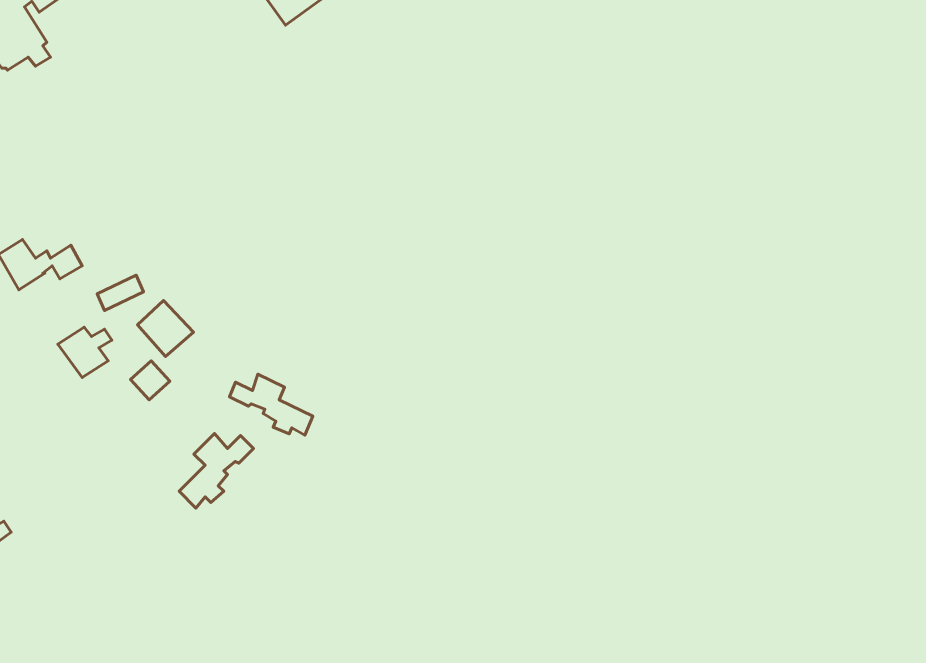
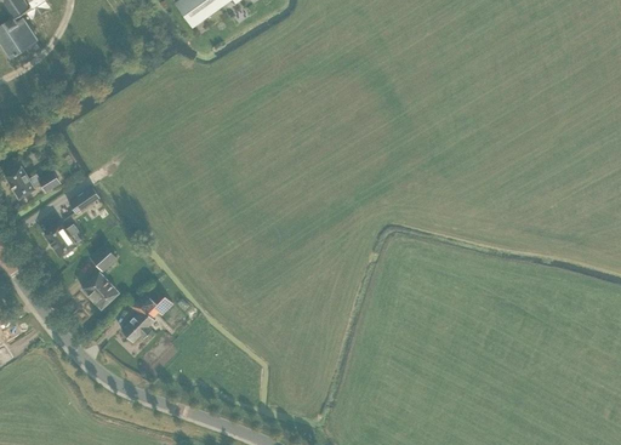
building: [137,301,193,356] -> [81,272,118,308]
building: [229,374,313,435] -> none

